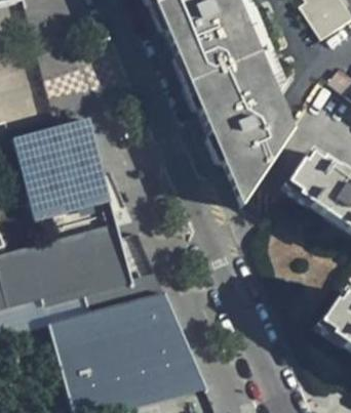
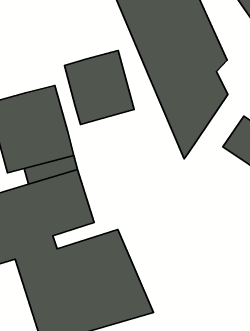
building: none -> [65,50,134,125]

